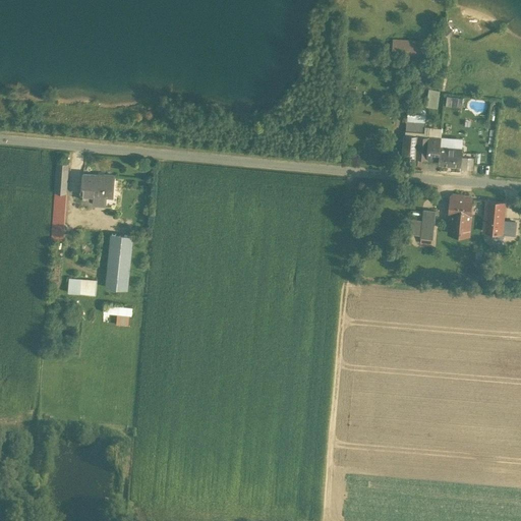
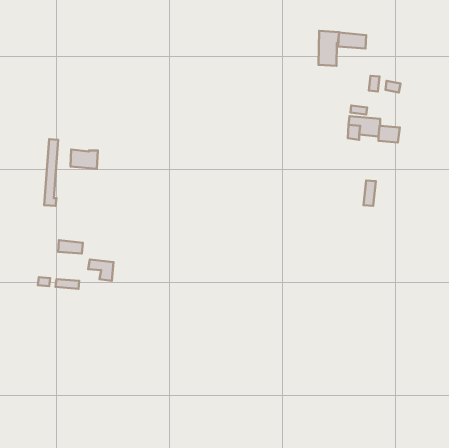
building: none -> [319,31,339,66]
building: [449,198,470,232] -> none
building: [482,201,504,234] -> none
building: [106,235,131,290] -> none

